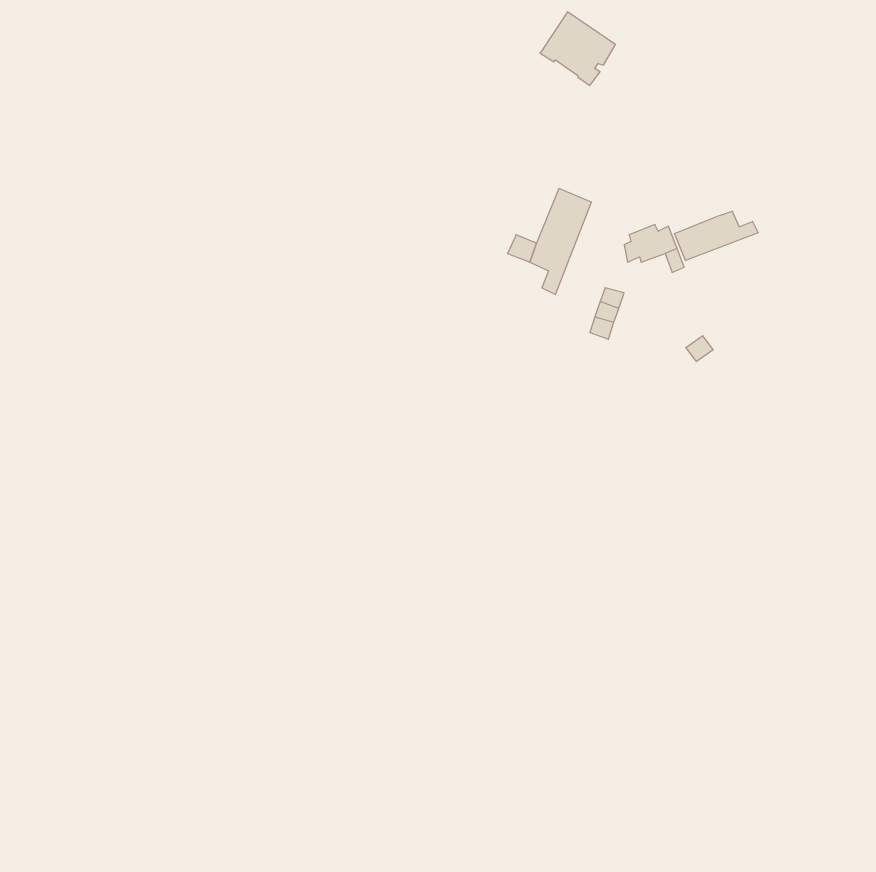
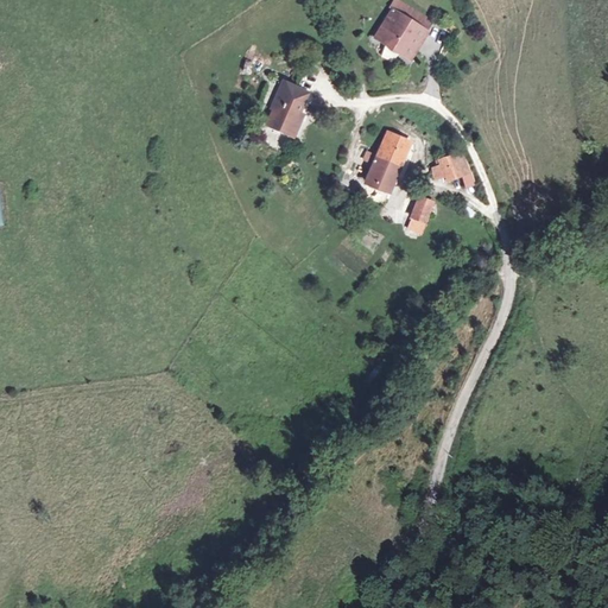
building: none -> [267,80,308,134]
building: [674,211,758,261] -> none

